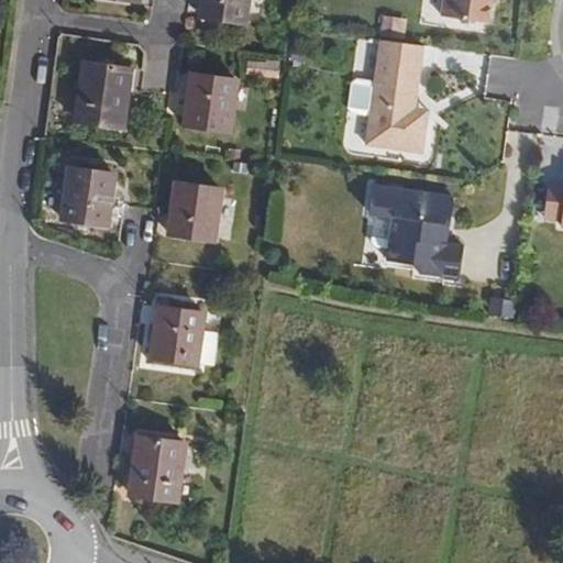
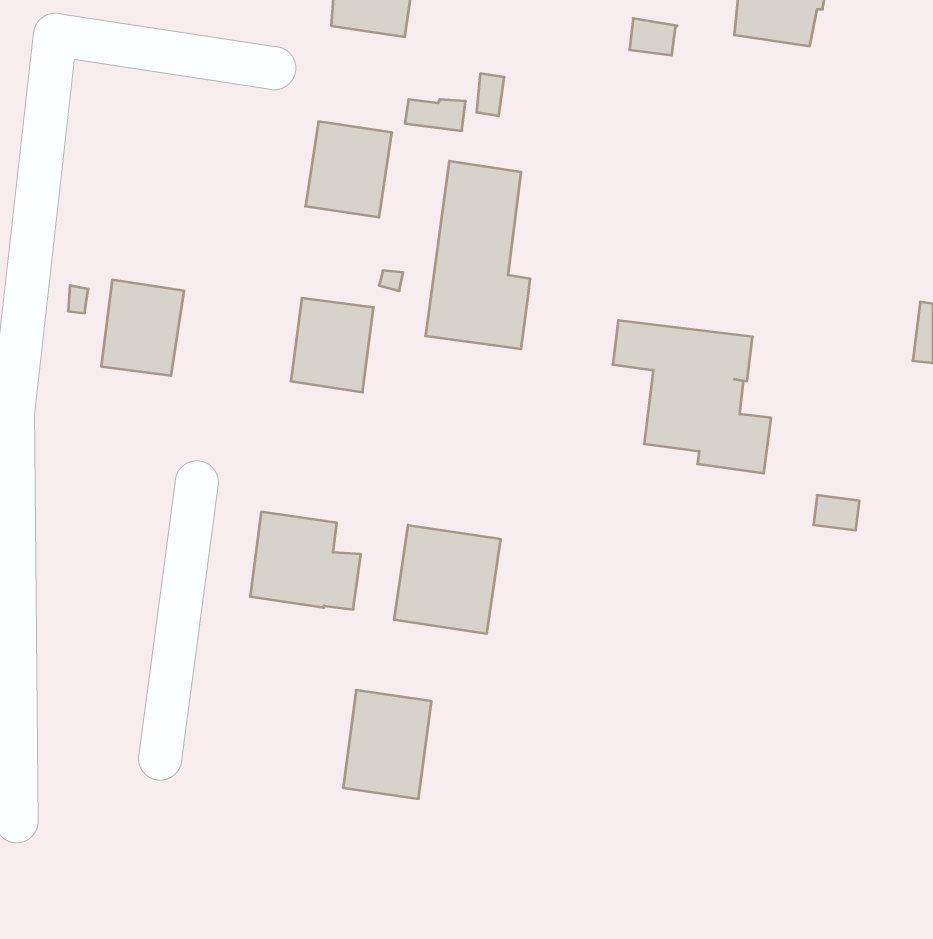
building: [366,37,429,150] -> [425,161,530,349]
building: [74,59,129,125] -> none
building: none -> [394,525,500,634]
building: [129,439,181,504] -> [343,690,431,799]

